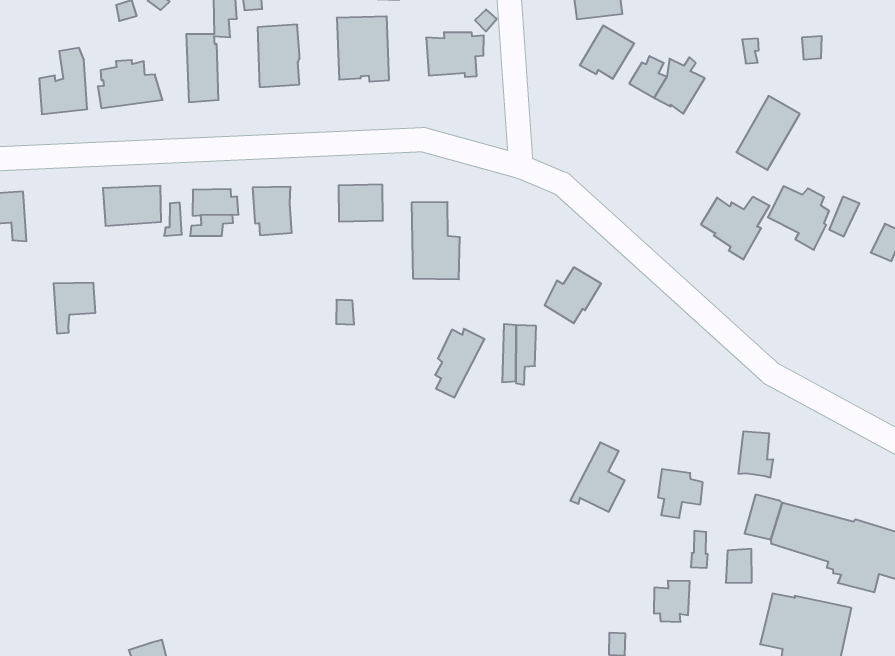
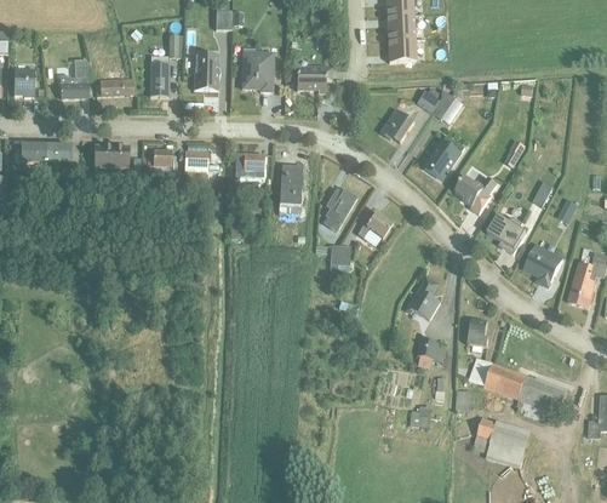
building: [580,26,634,79] -> [380,108,414,141]
building: [736,96,800,170] -> [424,133,464,178]
building: [768,186,829,250] -> [486,213,523,253]
building: [53,283,95,333] -> [45,142,69,172]
building: none -> [522,242,562,286]
building: [435,329,485,397] -> [323,188,355,229]
building: [570,442,625,512] -> [406,276,440,319]

